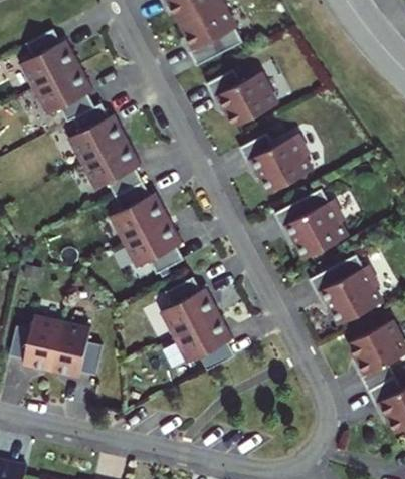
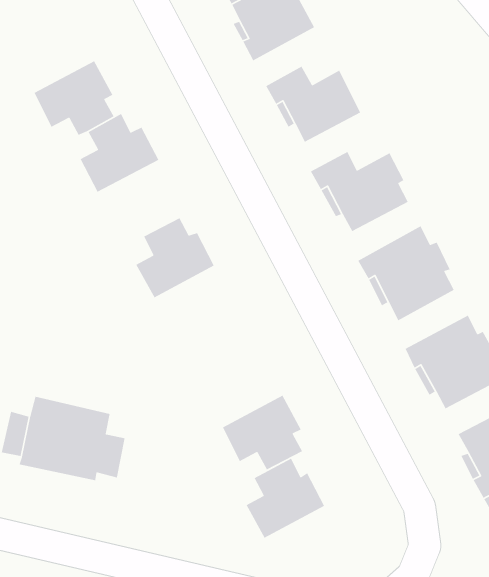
building: [21,29,80,89] -> none
building: [82,140,144,196] -> none
building: [125,218,185,274] -> none
building: [161,277,220,337] -> [245,457,325,539]

